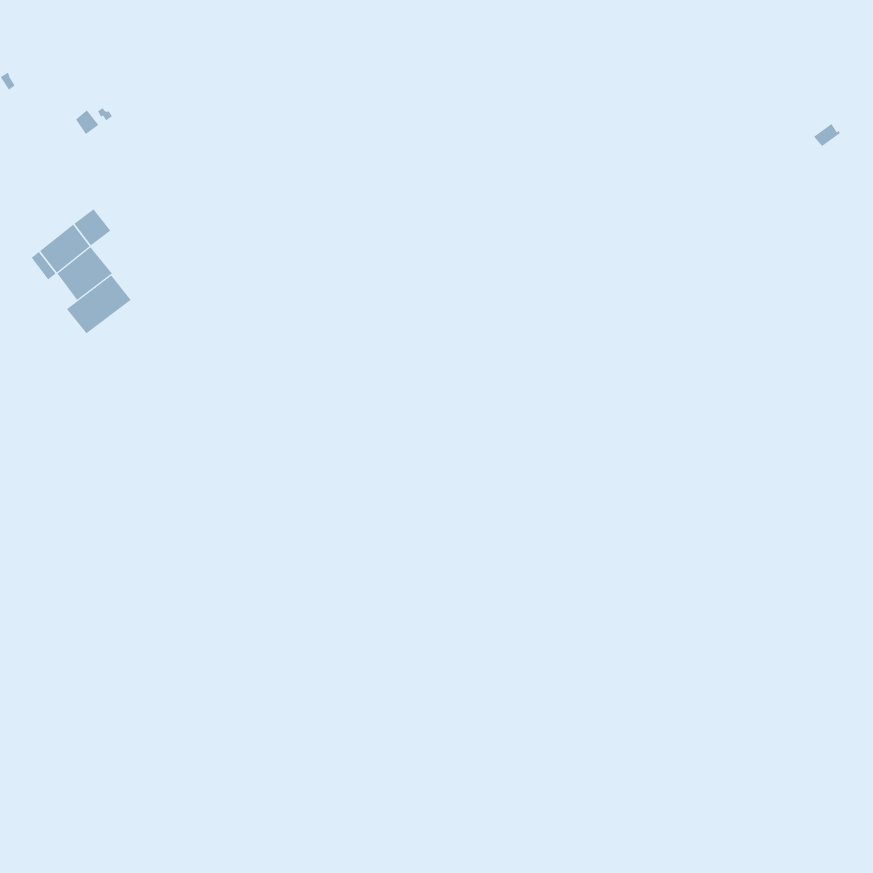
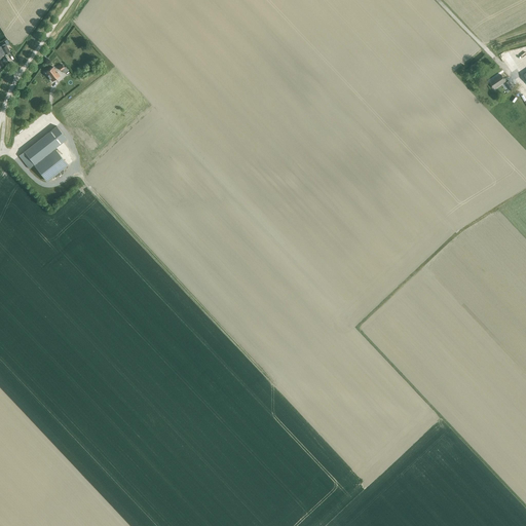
building: [66,275,131,334] -> none

